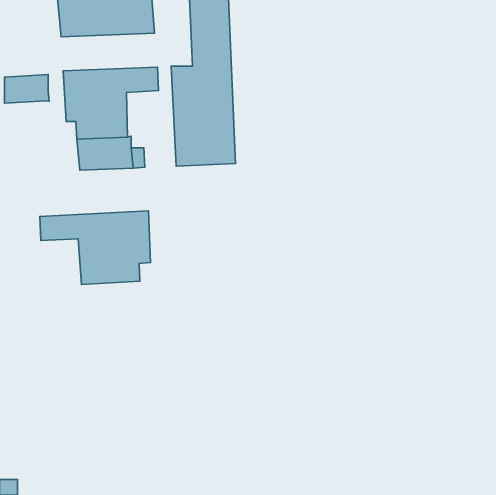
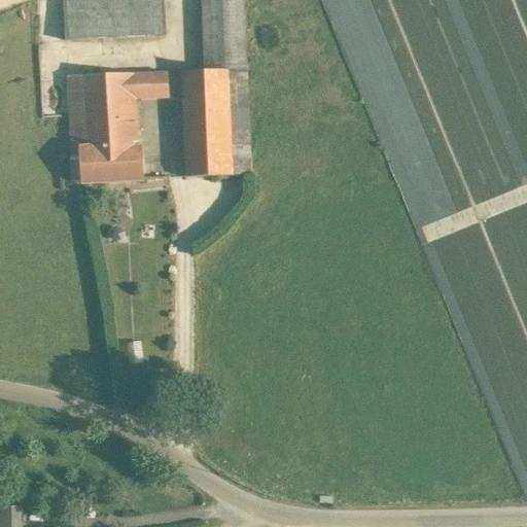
building: [5,75,49,103] -> none
building: [40,211,150,285] -> none

